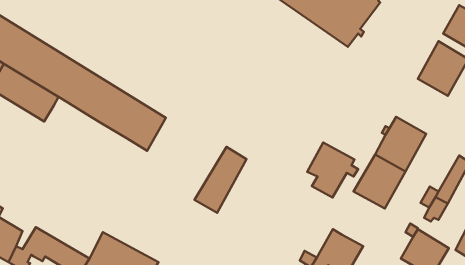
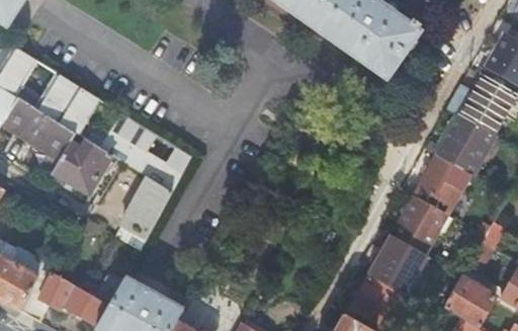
building: none -> [438,113,494,172]
building: none -> [53,139,112,193]
building: [307,143,358,197] -> [375,234,430,293]
building: [195,147,246,213] -> [115,177,171,248]

